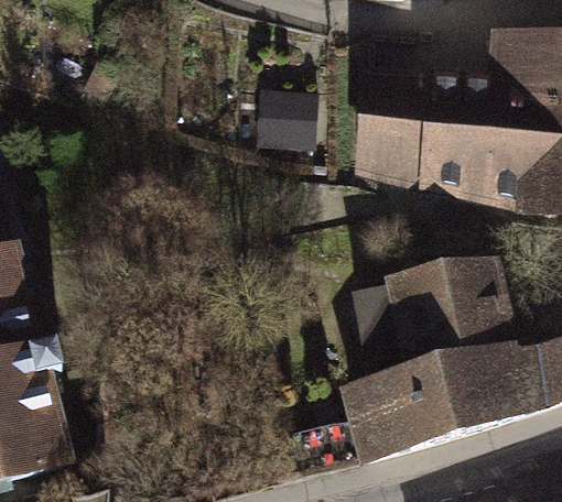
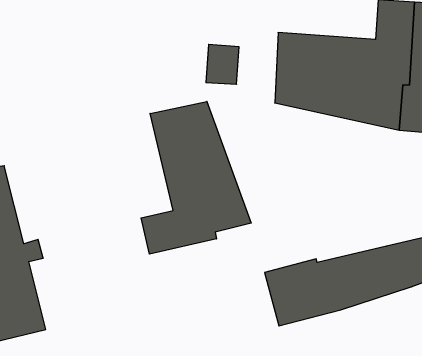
building: none -> [141,101,251,254]
building: [357,264,511,376] -> none

